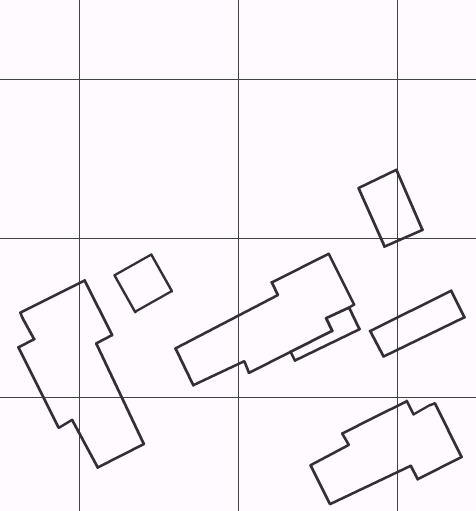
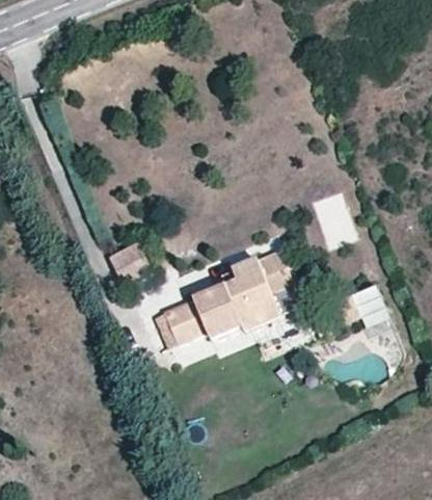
building: [18,280,144,468] -> none
building: [311,401,462,504] -> none

